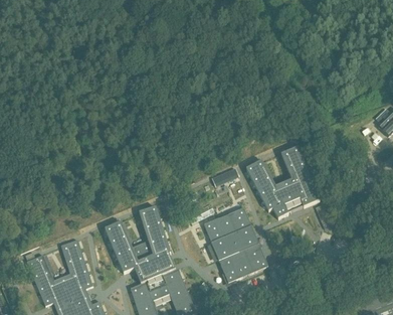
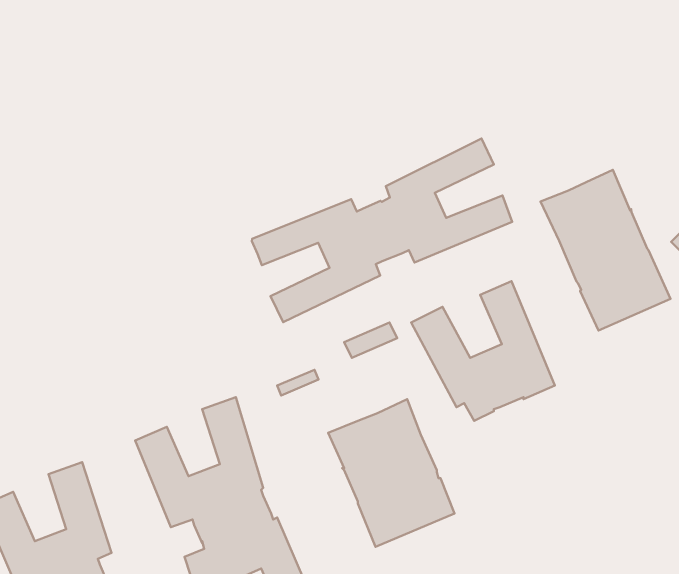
building: none -> [252,138,512,322]
building: none -> [541,170,671,330]

